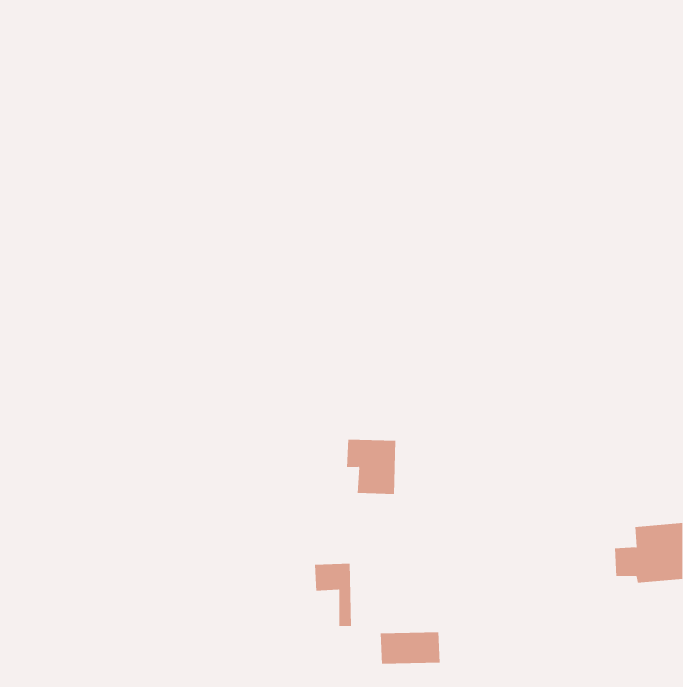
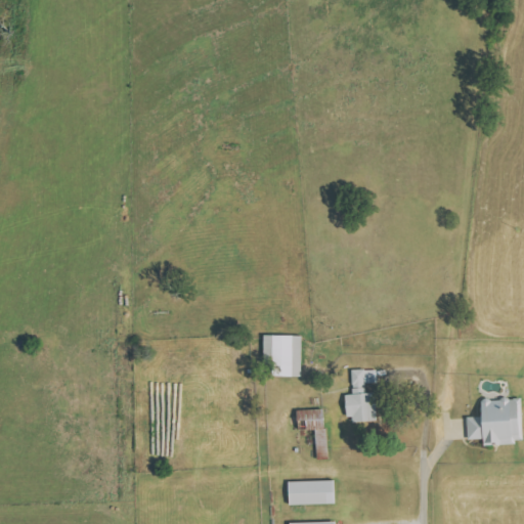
building: none -> [346,368,378,422]
building: [314,563,352,626] -> [297,408,325,456]

